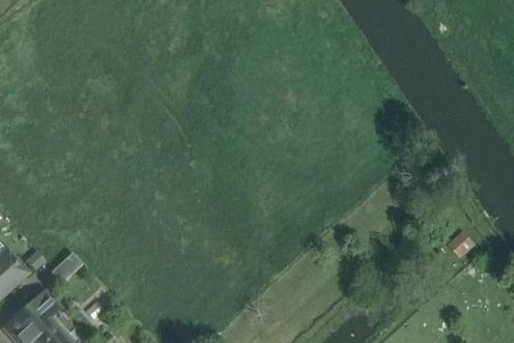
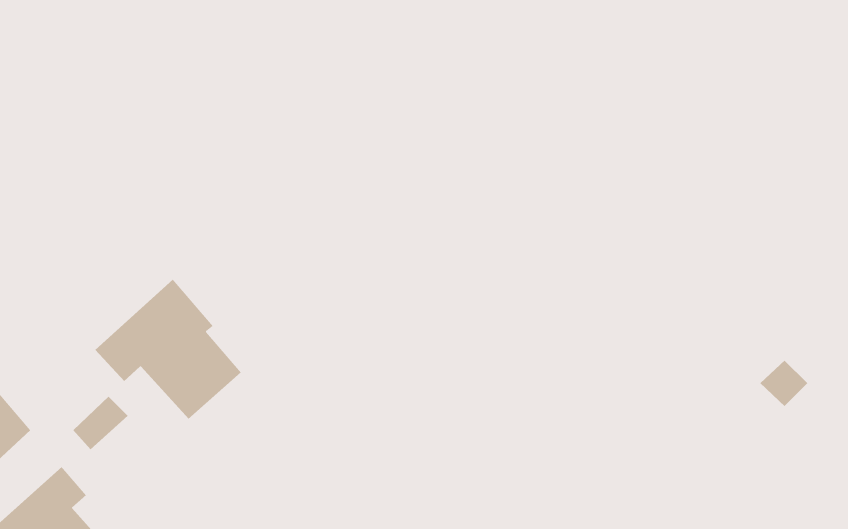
building: none -> [95,279,242,419]

